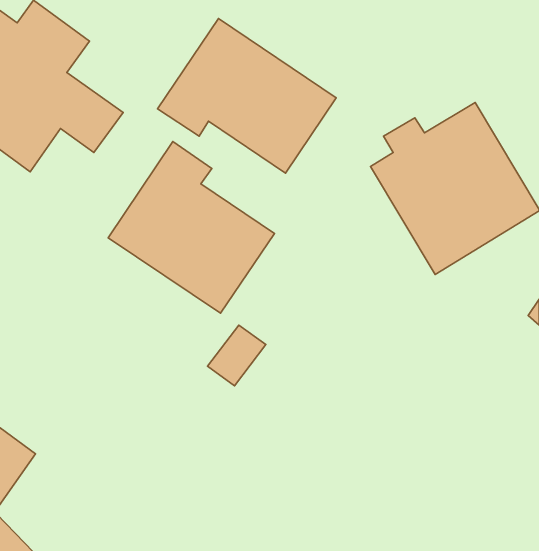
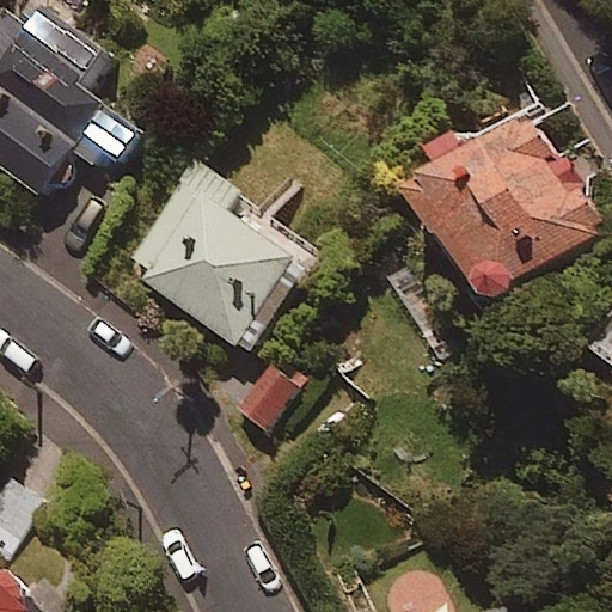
building: [157,18,336,173] -> none

